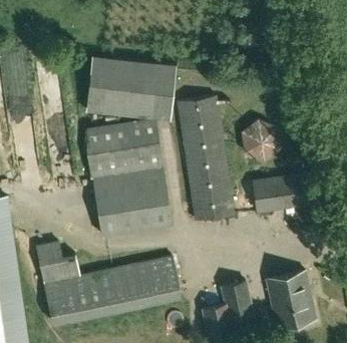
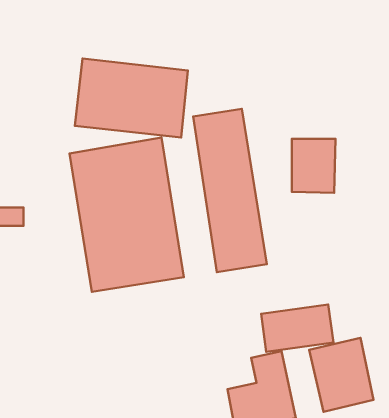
building: [253,175,308,211] -> [261,304,333,352]
building: [36,242,181,322] -> none

